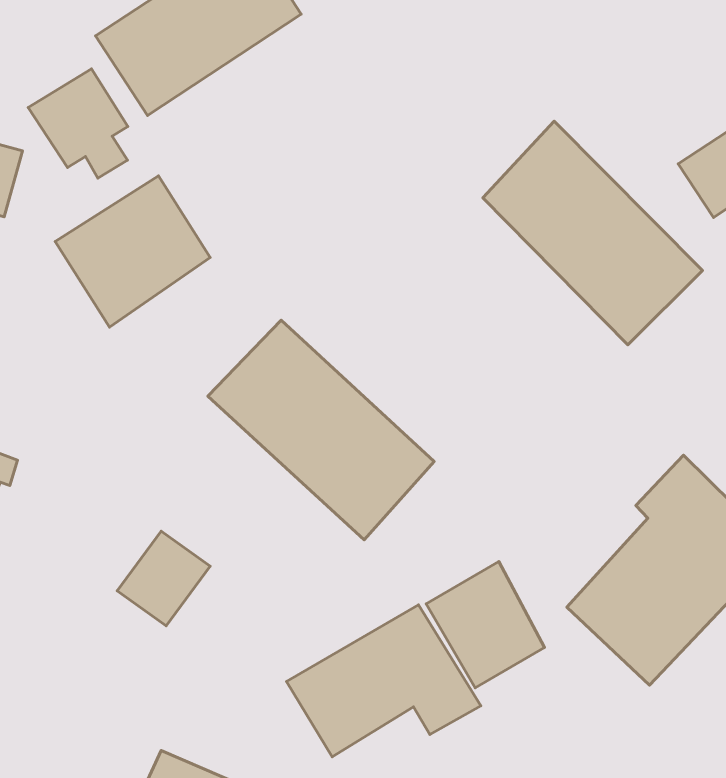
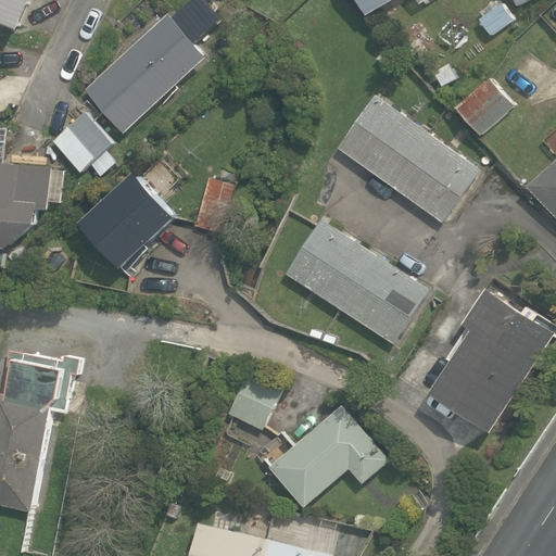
building: [208,320,434,540] -> [281,218,427,344]
building: [117,531,210,626] -> [227,372,281,430]
building: [426,561,544,688] -> none

